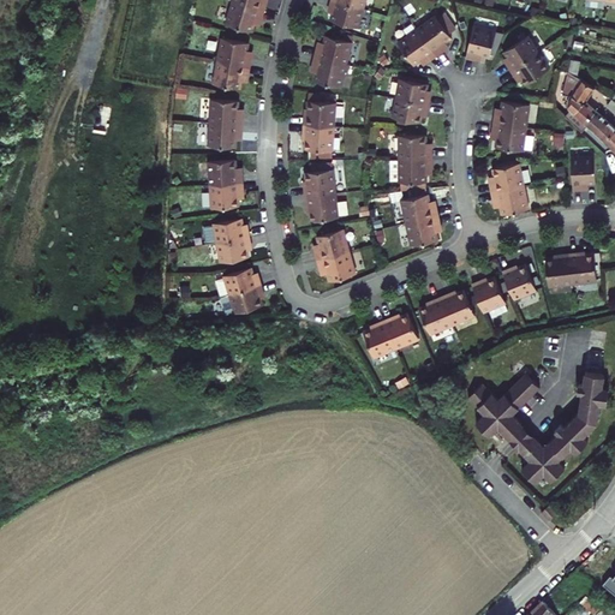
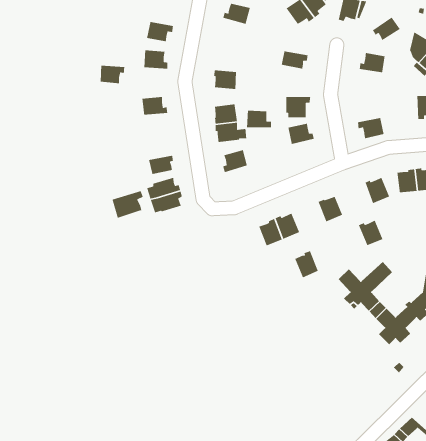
building: [220,38,253,67] -> none
building: [503,38,537,73] -> none
building: [312,58,346,89] -> none
building: [395,79,430,106] -> none
building: [304,94,336,127] -> none
building: [210,123,244,148] -> [100,65,125,84]
building: [491,125,525,153] -> none
building: [398,136,431,160] -> [246,110,272,128]
building: [489,165,523,193] -> none
building: [211,183,244,209] -> none
building: [405,216,438,246] -> none
building: [214,219,250,243] -> none
building: [317,251,354,281] -> none
building: [470,277,503,312] -> [358,219,383,246]
building: none -> [112,190,144,219]
building: [418,298,450,335] -> [294,250,319,279]

